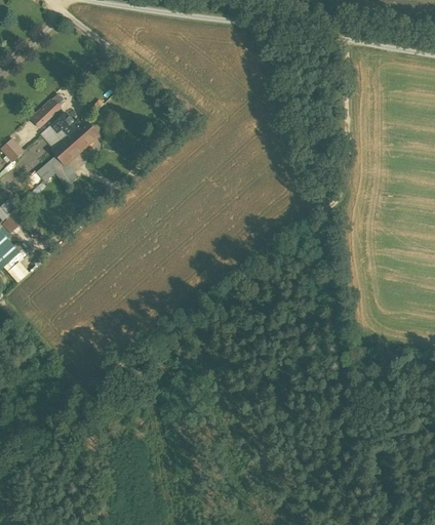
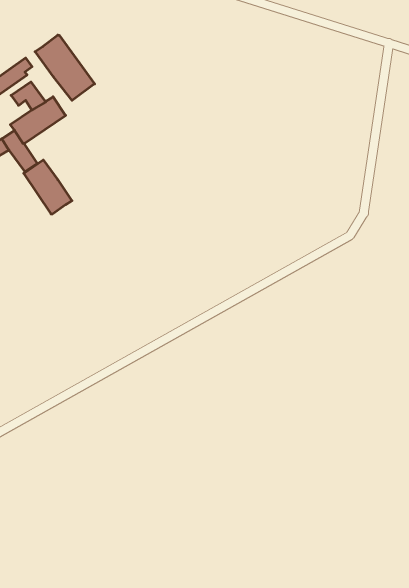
building: none -> [35,35,95,100]
building: none -> [24,160,72,214]

